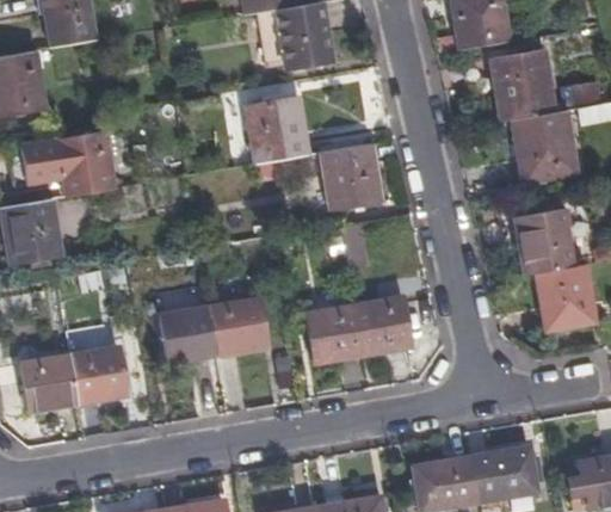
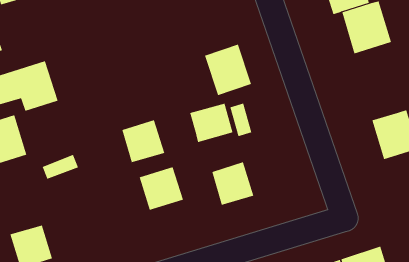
building: [249,98,309,164] -> none
building: [516,209,574,273] -> none
building: none -> [189,103,233,143]
building: [356,296,413,353] -> none
building: [163,307,218,362] -> [122,119,165,163]
building: [70,346,126,402] -> none

